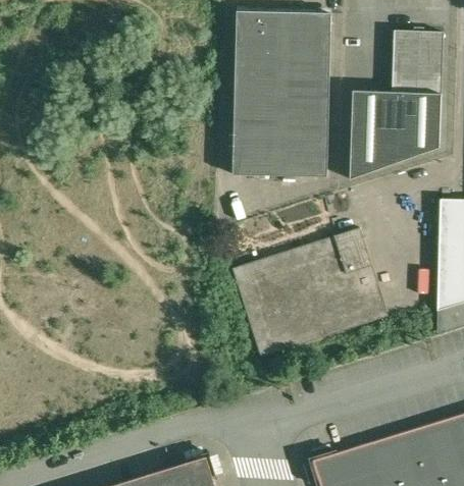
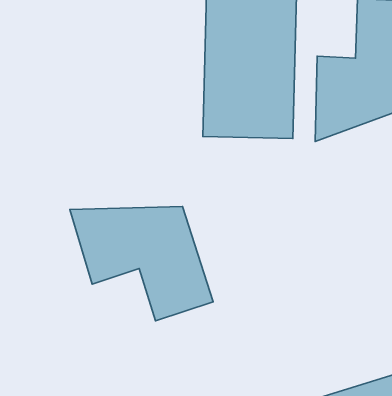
building: [233,227,389,358] -> none
building: none -> [70,206,213,321]

